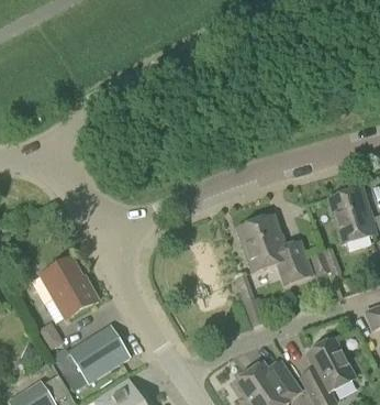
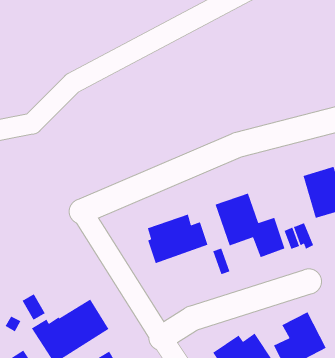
building: none -> [147,213,209,264]
building: [41,255,99,320] -> none

